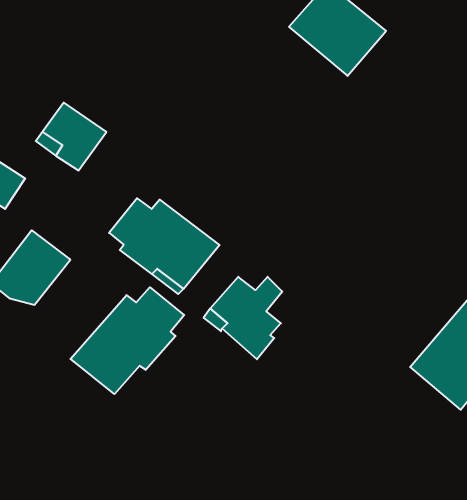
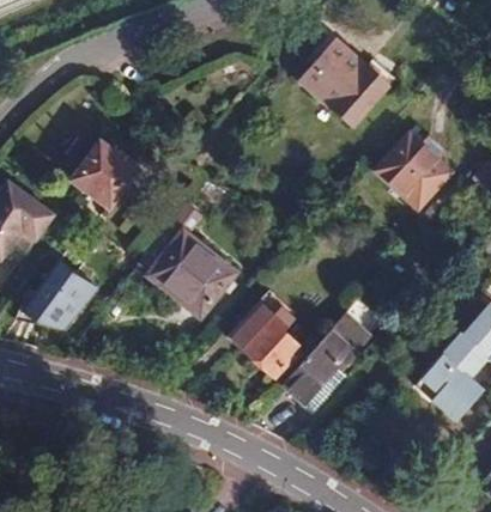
building: none -> [375,124,454,207]
building: [70,287,184,394] -> none
building: none -> [283,316,369,408]

